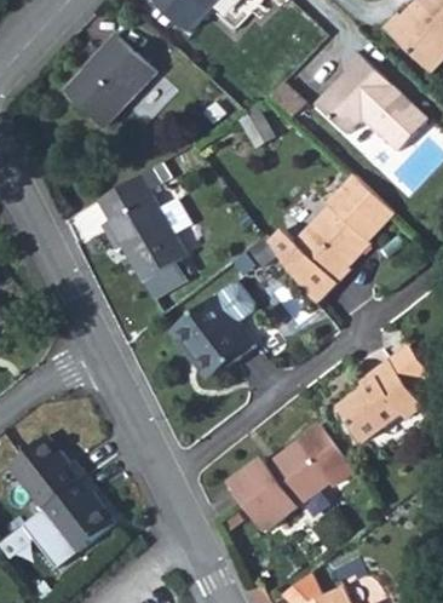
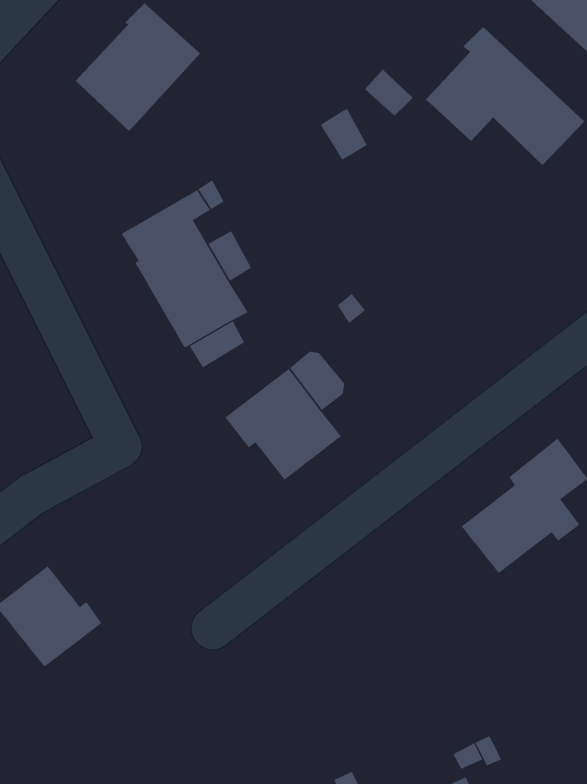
building: [267,174,392,304] -> none
building: [228,425,352,532] -> none
building: [19,477,111,569] -> none

